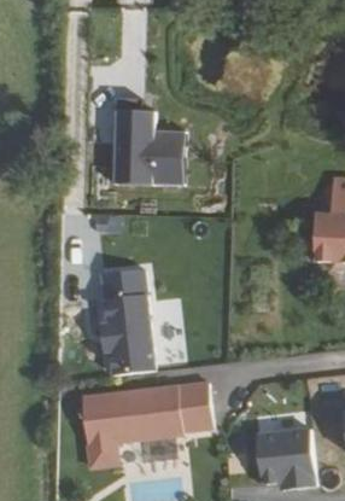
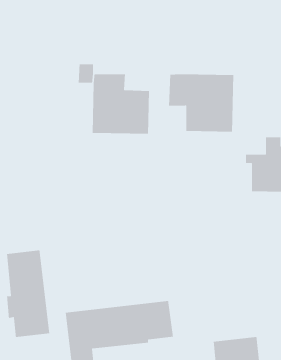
building: none -> [168,74,234,132]
building: [103,269,156,375] -> [6,250,50,338]

